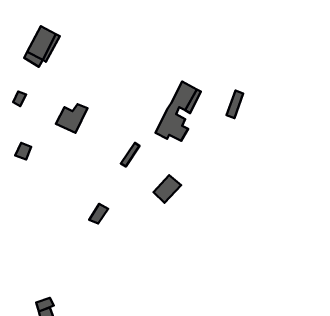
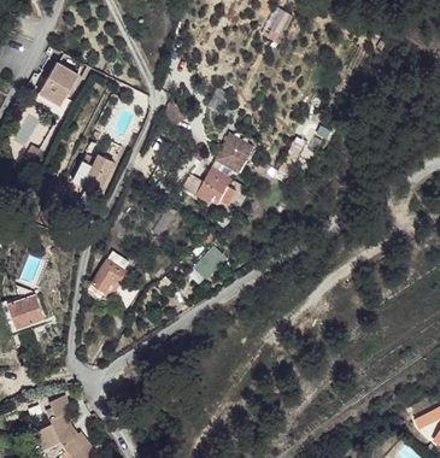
building: none -> [87,249,128,299]
building: none -> [10,292,46,329]

